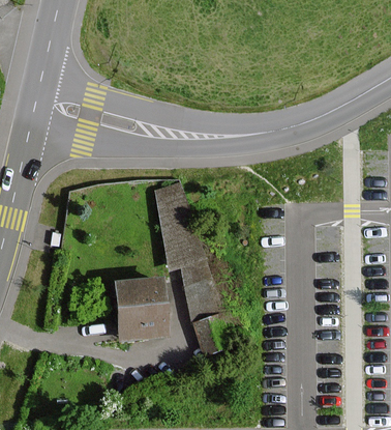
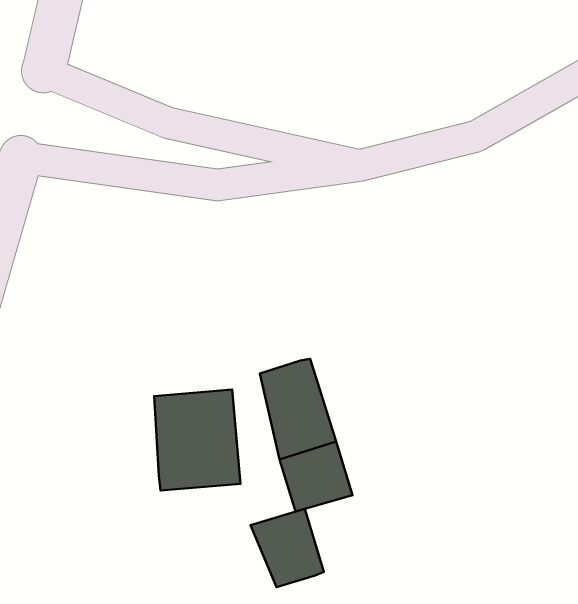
building: [155,181,206,268] -> none
building: none -> [251,509,324,587]

